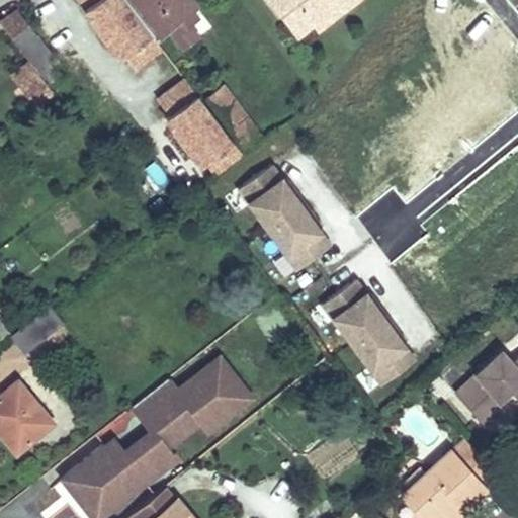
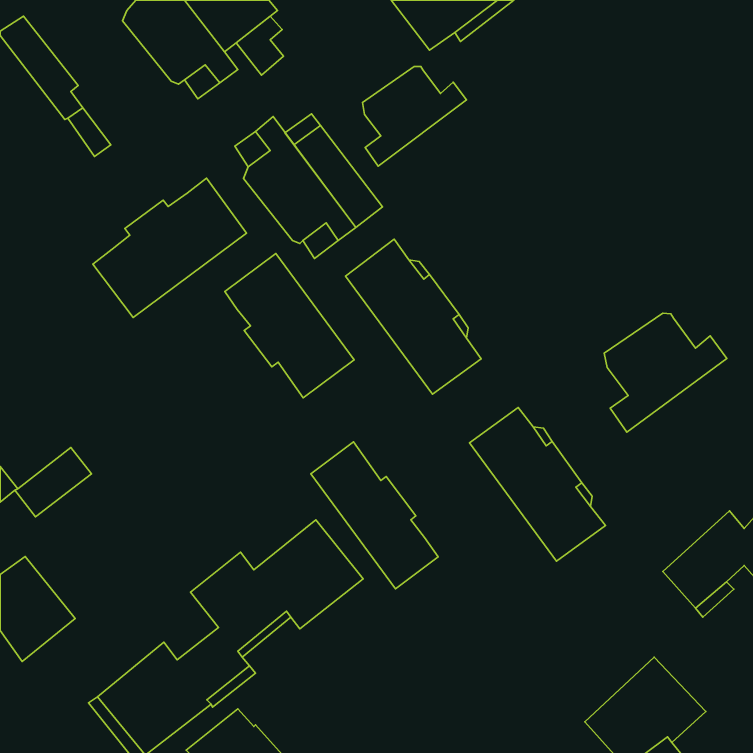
building: none -> [362,66,466,166]
building: none -> [93,178,246,318]
building: none -> [225,254,354,398]
building: none -> [604,313,727,432]
building: none -> [311,442,438,589]

